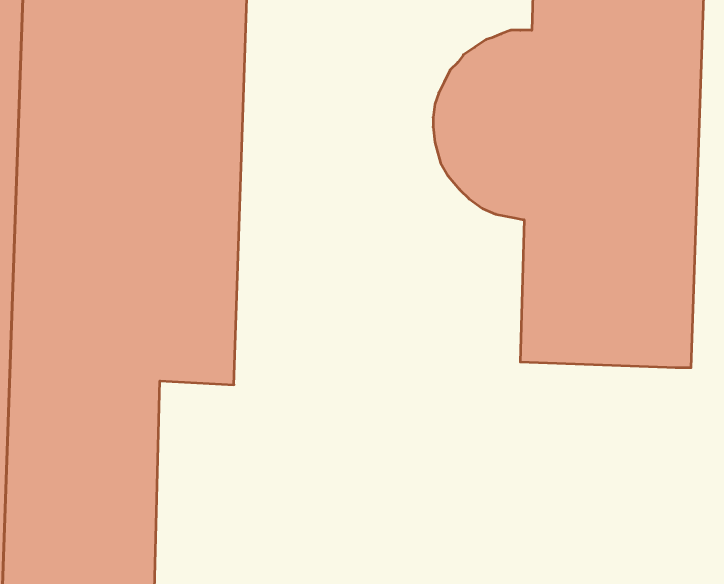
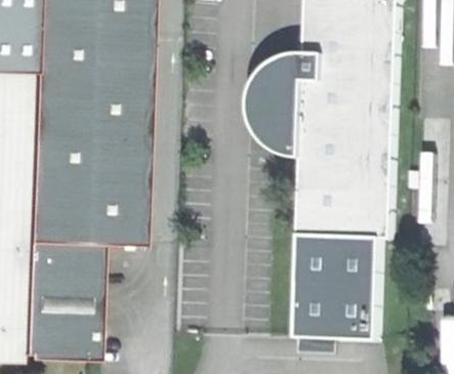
building: none -> [295,232,383,342]

